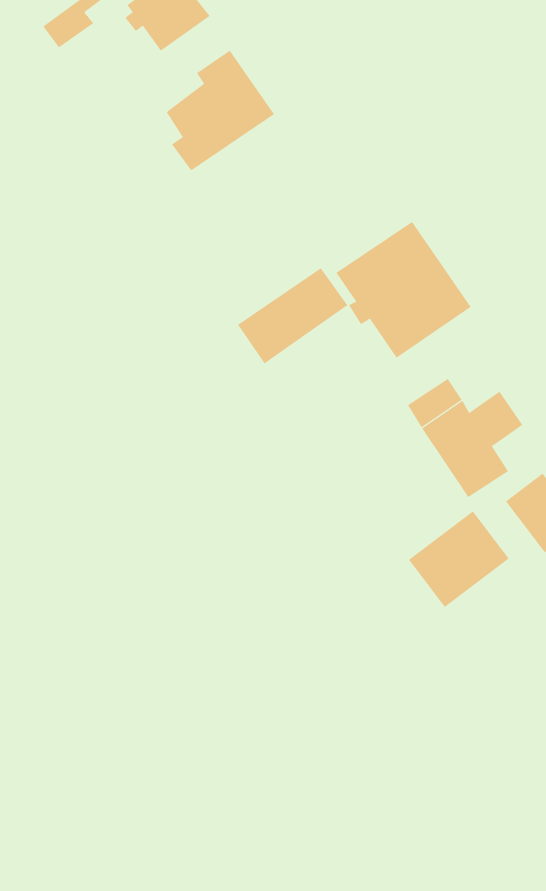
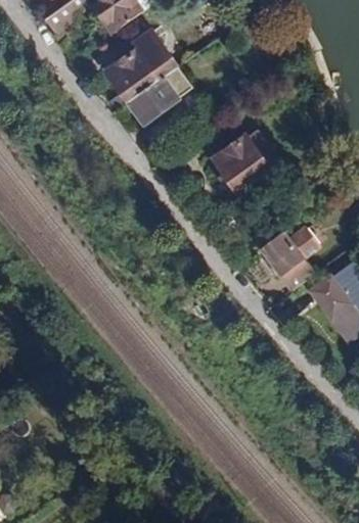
building: [237,268,348,364] -> [130,68,193,124]
building: [408,511,509,608] -> none

